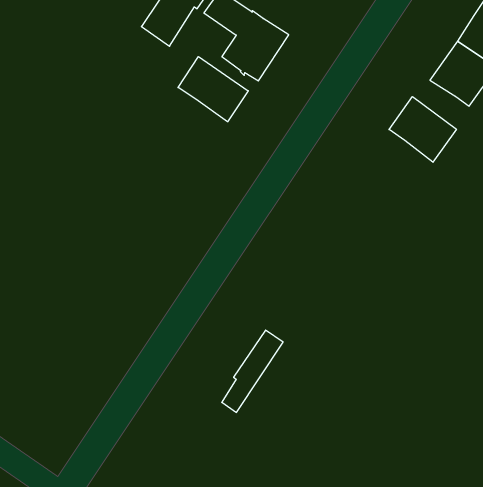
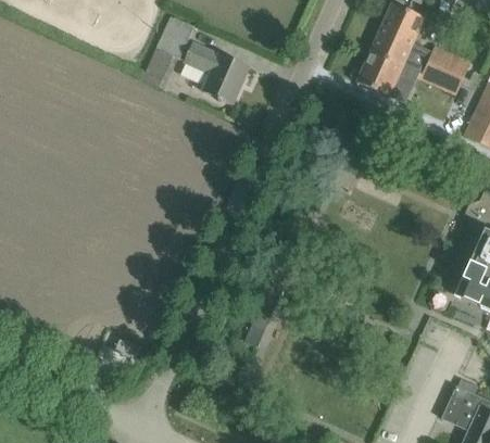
building: [178,57,248,122] -> none
building: [389,97,456,162] -> none

